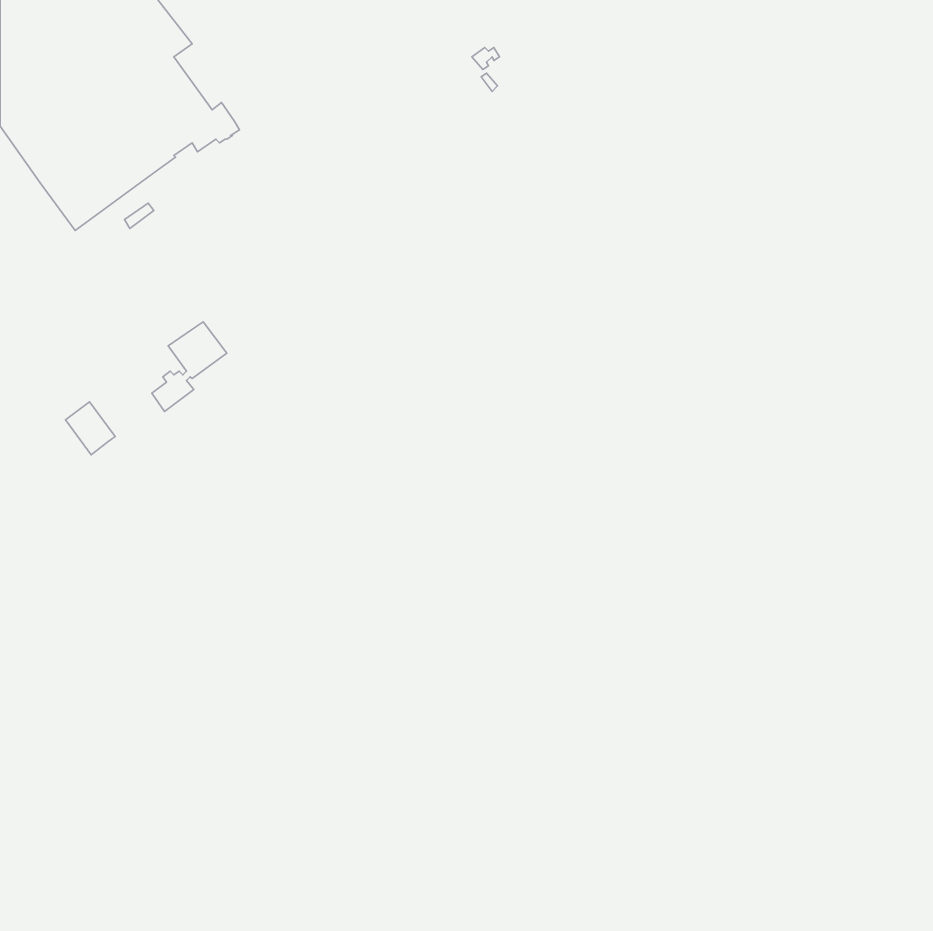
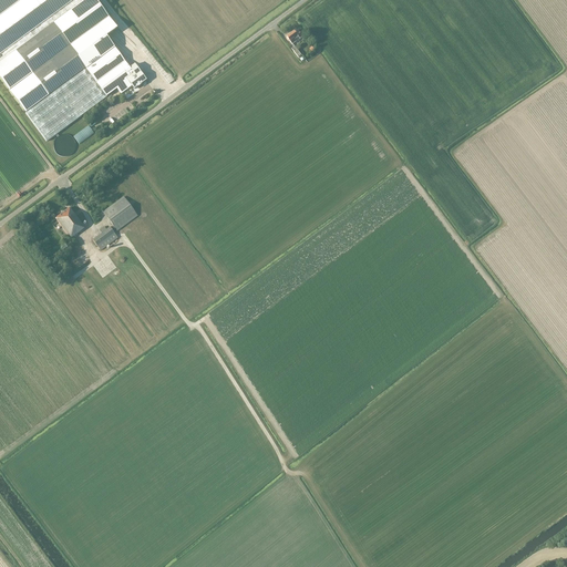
building: [66,402,115,455] -> [55,205,85,237]

